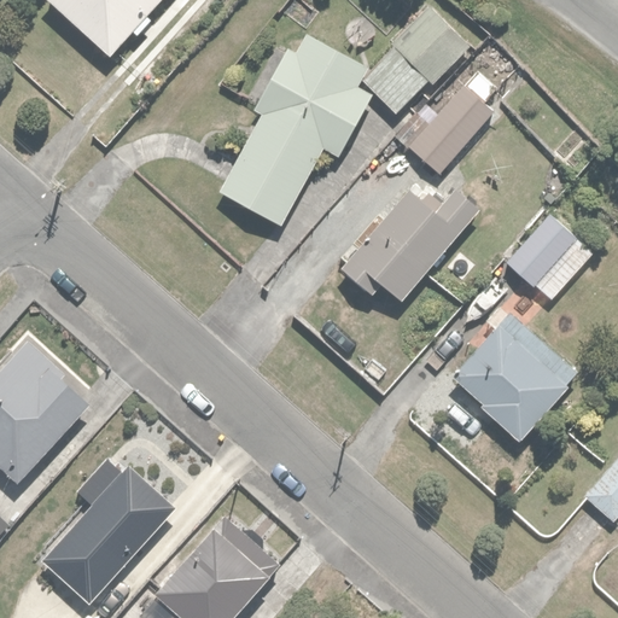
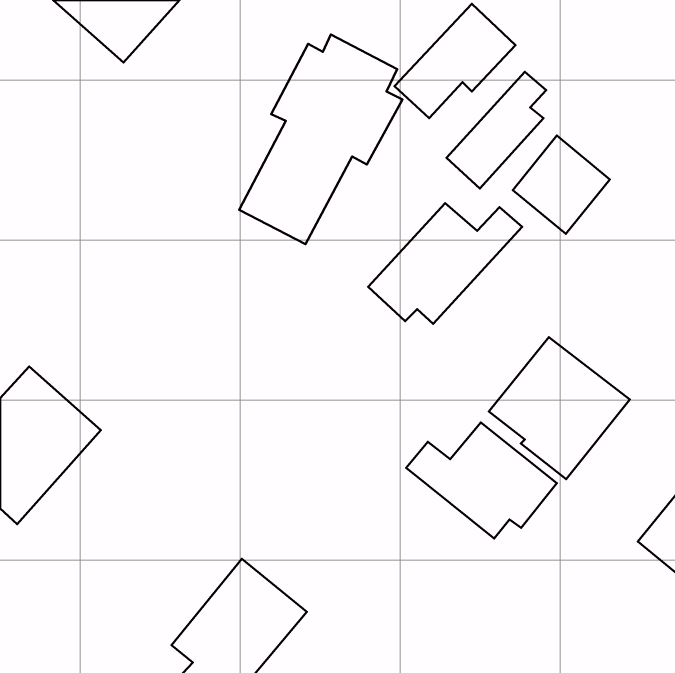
building: [508,214,596,303] -> [513,136,610,234]
building: none -> [406,422,557,538]
building: [45,445,187,597] -> none

